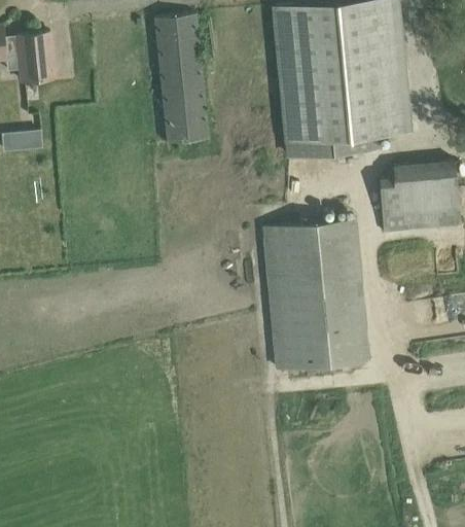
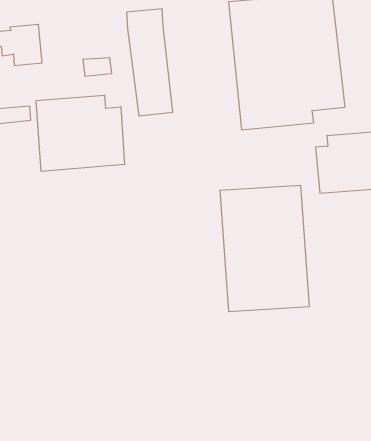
building: none -> [83,57,111,76]
building: none -> [36,95,125,171]

